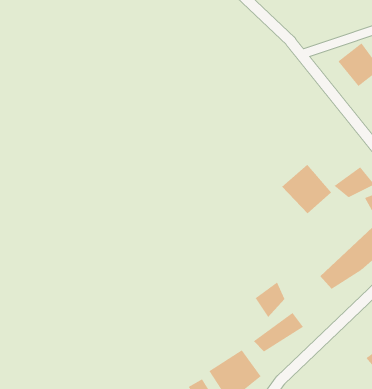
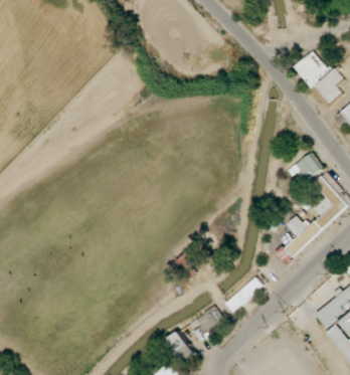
building: [281,164,332,214] -> none
building: [255,281,285,318] -> none

